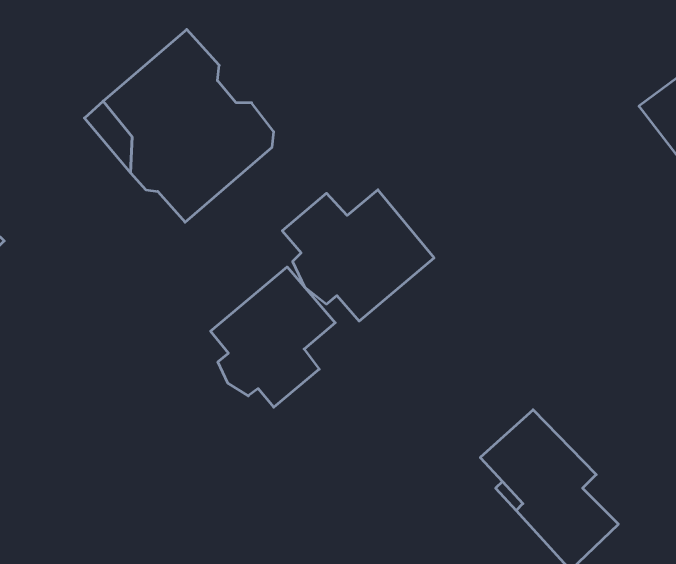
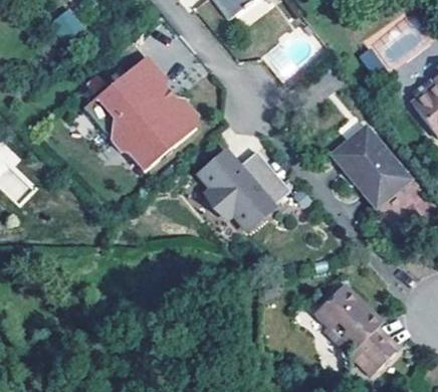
building: none -> [332,128,408,207]
building: [211,267,335,407] -> none

